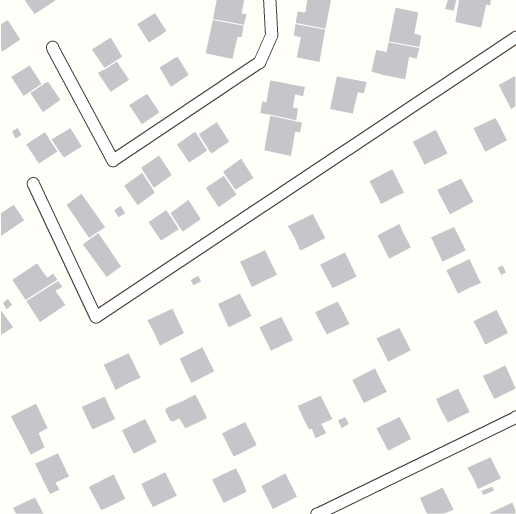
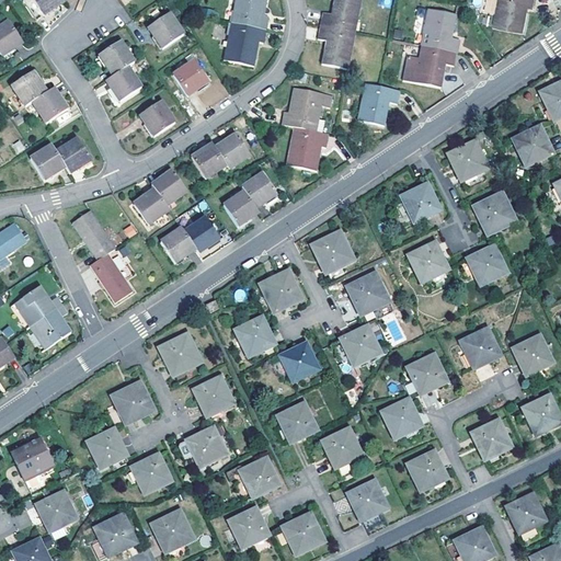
building: [445,258,482,294] -> [460,328,500,367]
building: none -> [278,403,317,442]
building: none -> [348,481,387,526]

